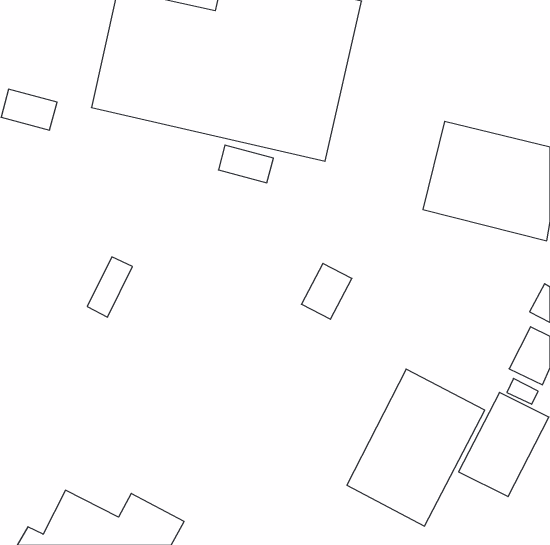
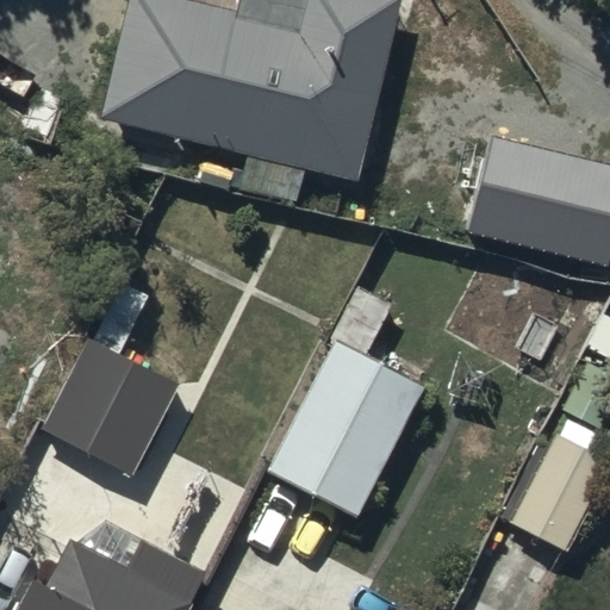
building: none -> [43,342,178,475]
building: [347,369,485,526] -> [269,343,422,517]

